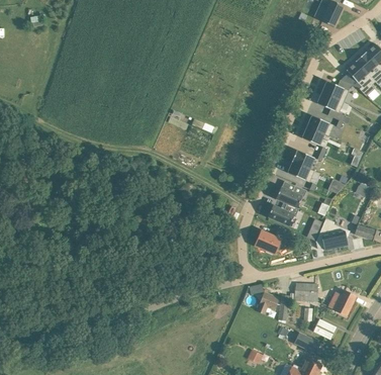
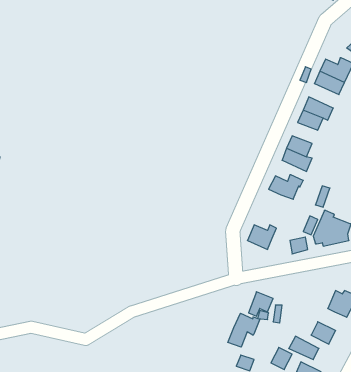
building: [268,203,298,225] -> none
building: [290,283,317,300] -> none
building: none -> [228,313,260,347]

